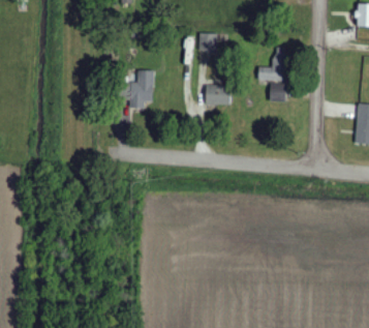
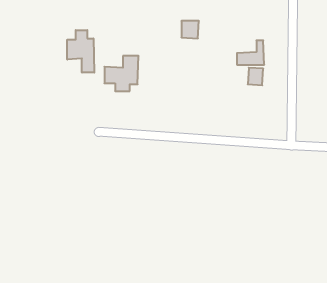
building: none -> [67,30,94,73]
building: [206,80,230,105] -> none

